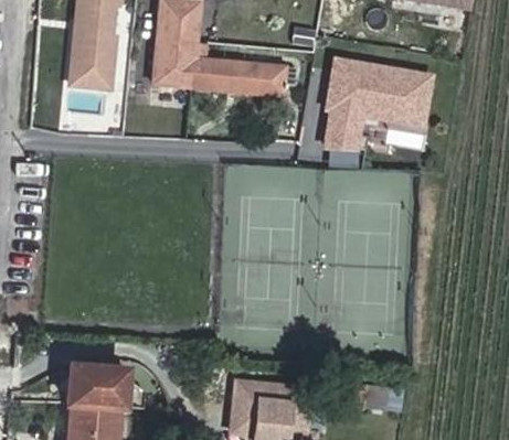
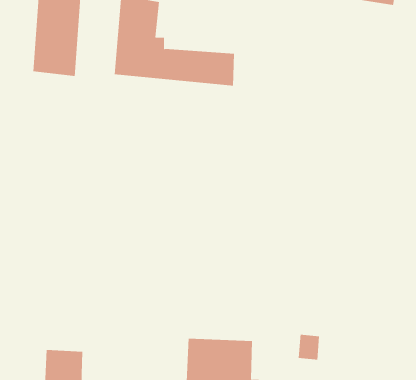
building: [317,51,430,150] -> none
building: [68,365,130,407] -> none

